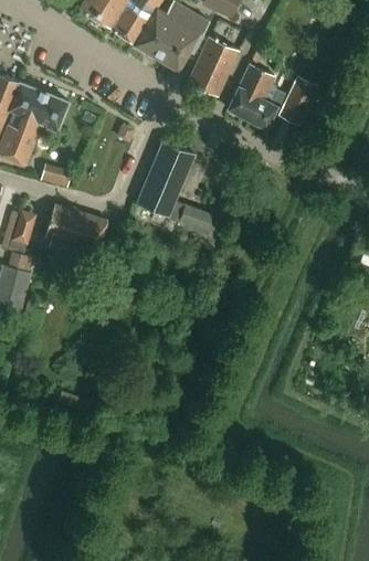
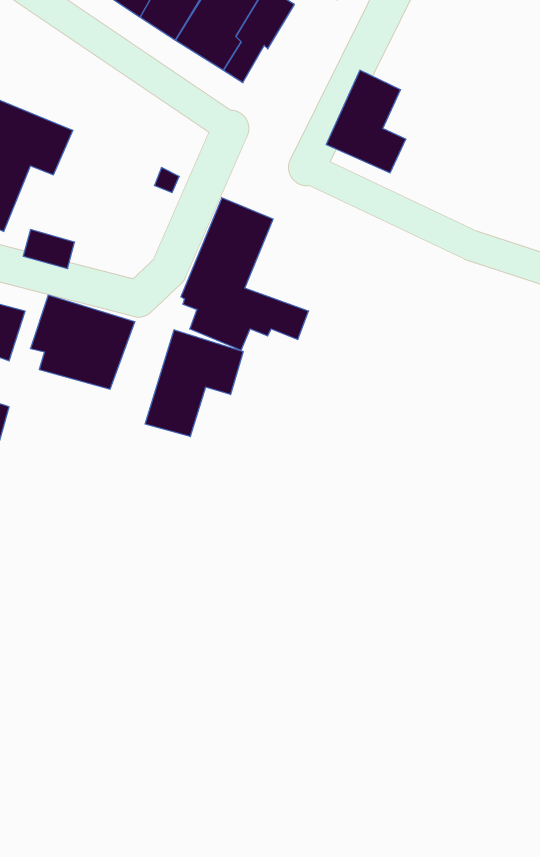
building: [189,38,239,95] -> none
building: [281,76,319,125] -> none
building: none -> [145,330,243,437]

